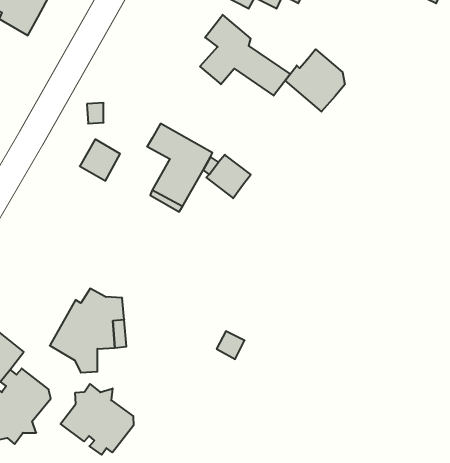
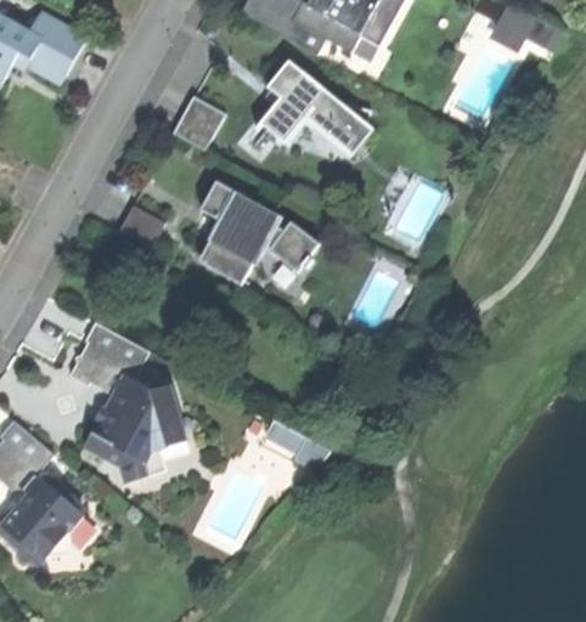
building: none -> [174,96,225,148]
building: [285,49,345,112] -> none
building: none -> [69,321,148,397]
building: [61,384,133,455] -> none

